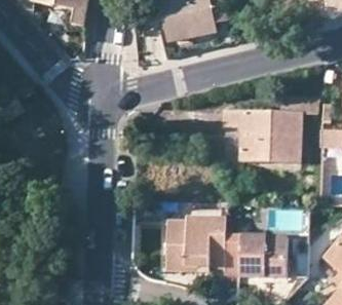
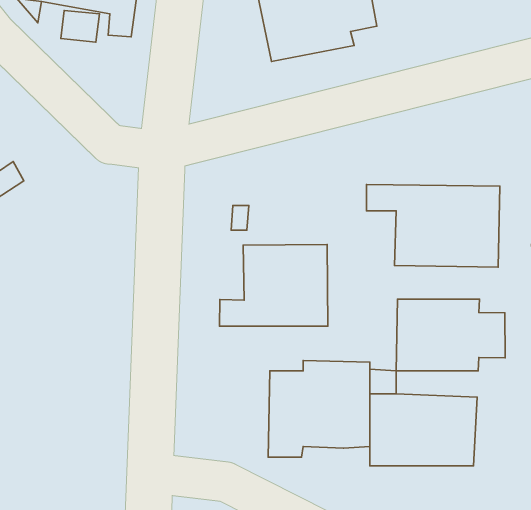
building: none -> [220,245,328,326]
building: none -> [396,299,505,371]

